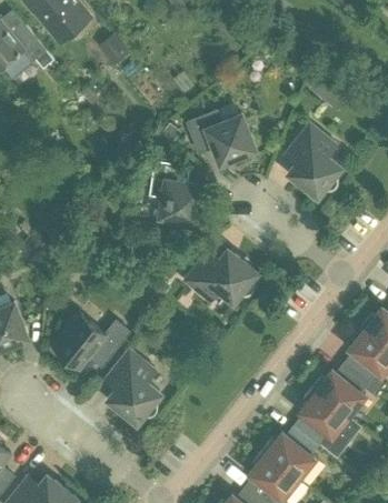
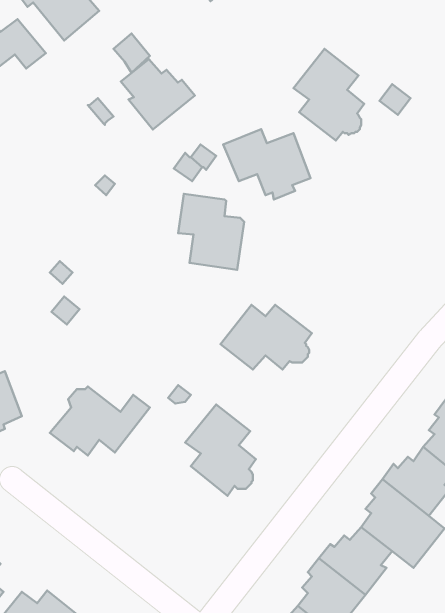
building: none -> [121,59,195,130]
building: [285,123,340,195] -> [294,49,364,140]
building: [105,350,160,422] -> [185,404,256,496]

